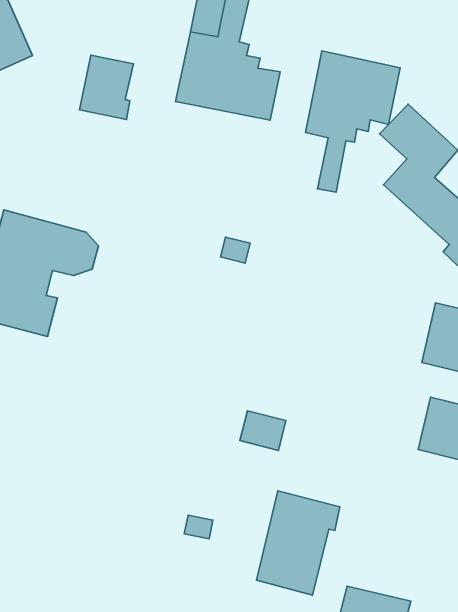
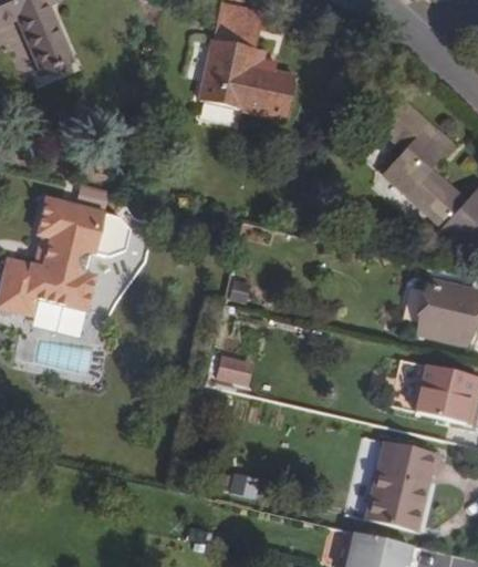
building: [306,51,400,192] -> none
building: [79,55,133,119] -> none
building: [240,411,286,450] -> [212,351,253,386]
building: [257,491,340,595] -> [365,440,439,533]

